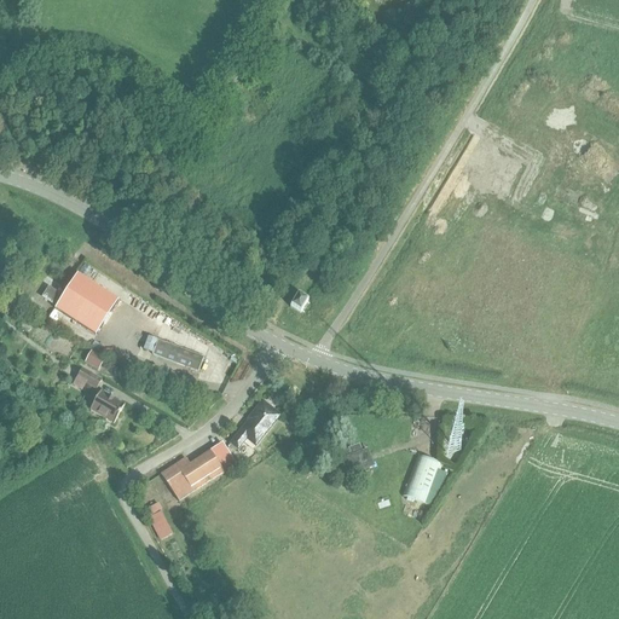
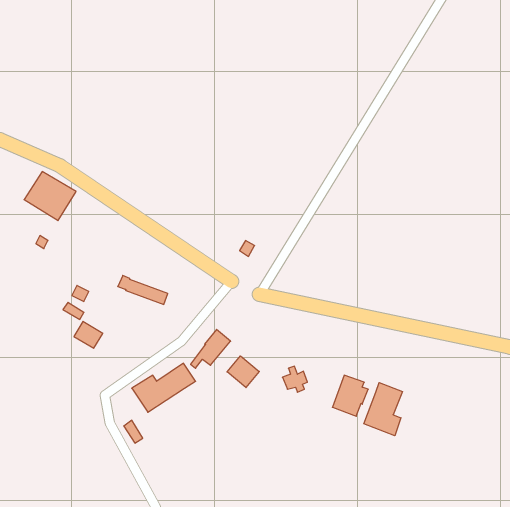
building: [54,272,117,331] -> [24,172,76,221]
building: none -> [227,356,259,388]
building: none -> [364,383,402,436]

